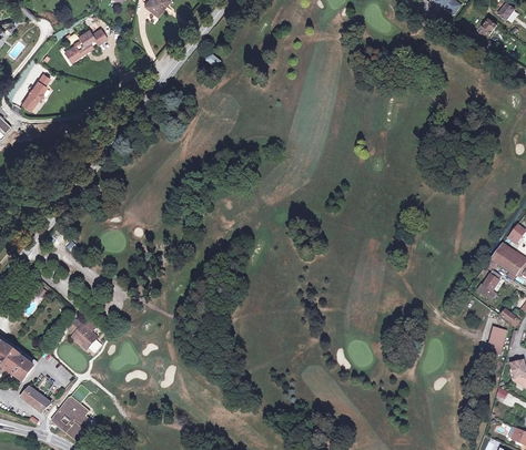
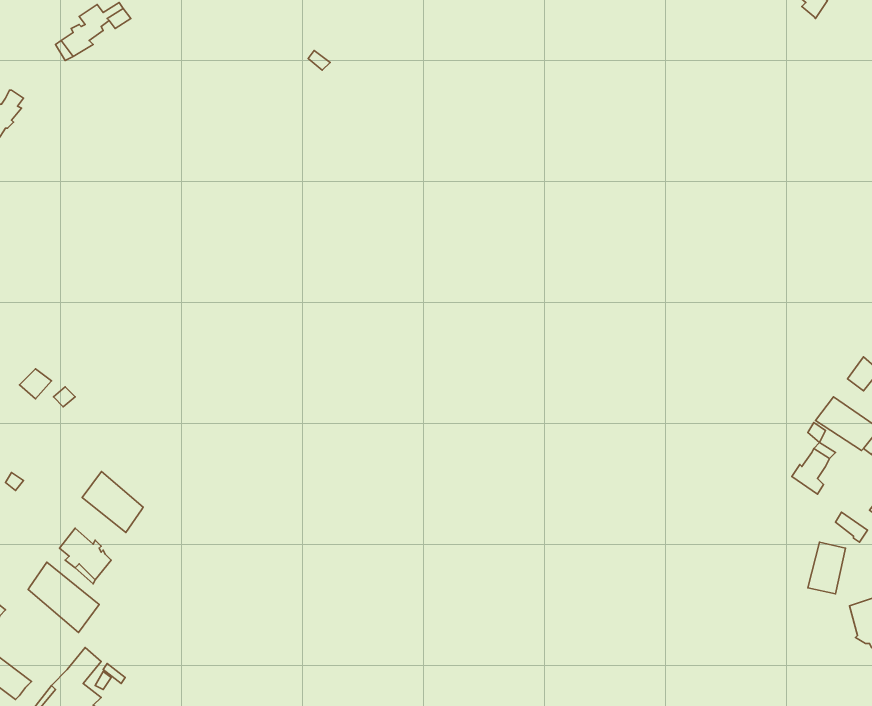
building: none -> [82,472,143,532]
building: none -> [28,562,99,632]

